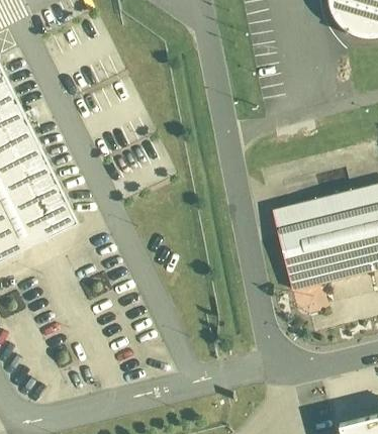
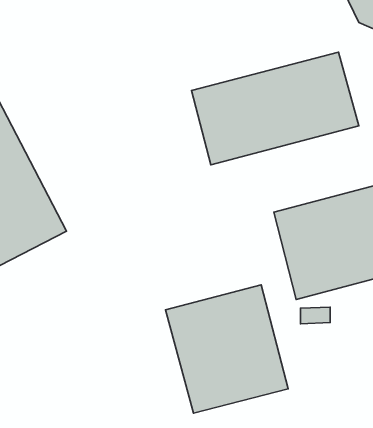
building: none -> [192,52,359,165]
building: none -> [166,285,288,413]

